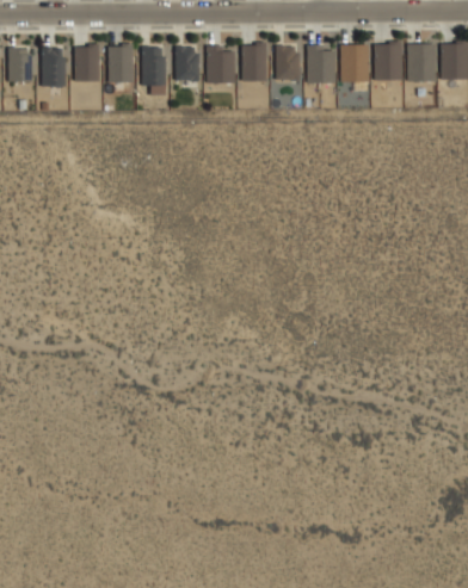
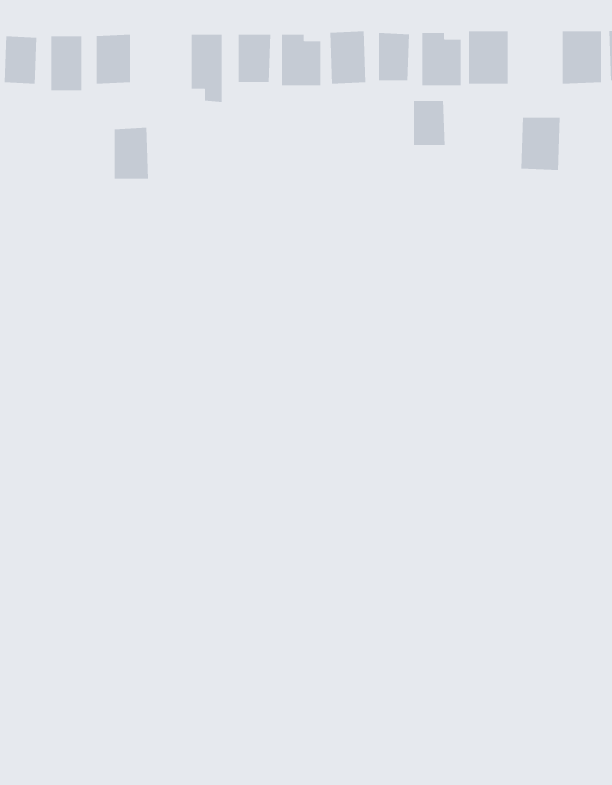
building: [375,42,404,80] -> [520,117,561,171]
building: [110,44,135,81] -> [114,127,149,179]
building: none -> [413,100,445,146]

